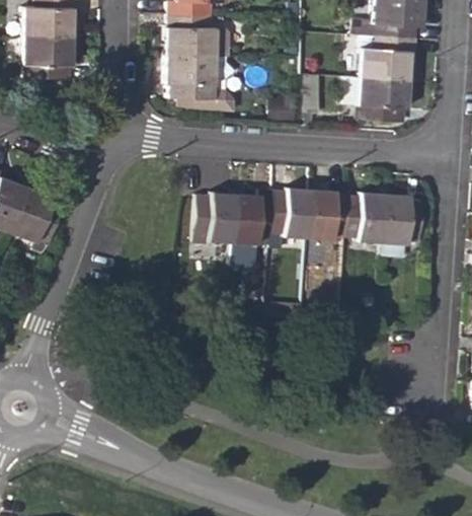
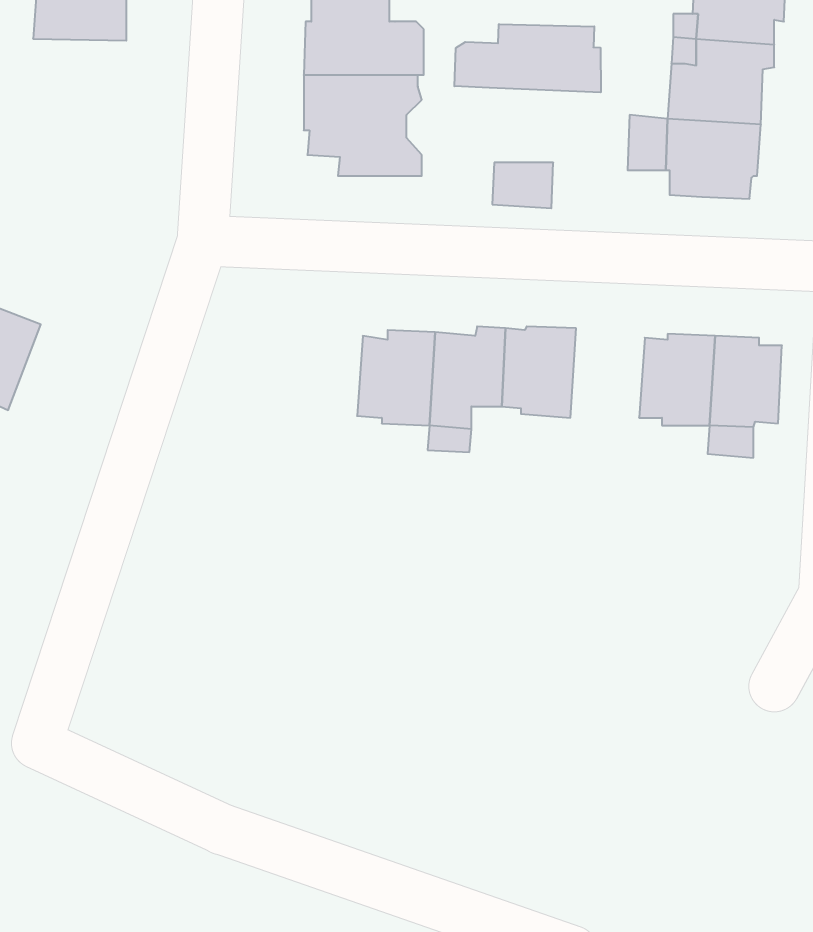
building: none -> [454,24,601,92]
building: [22,35,73,77] -> none
building: [10,188,66,251] -> none
building: [309,190,348,240] -> none

